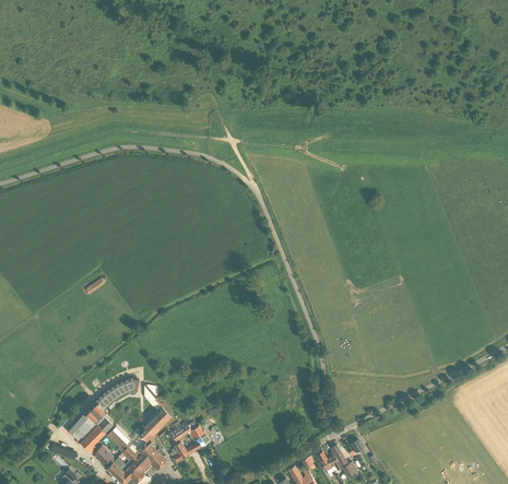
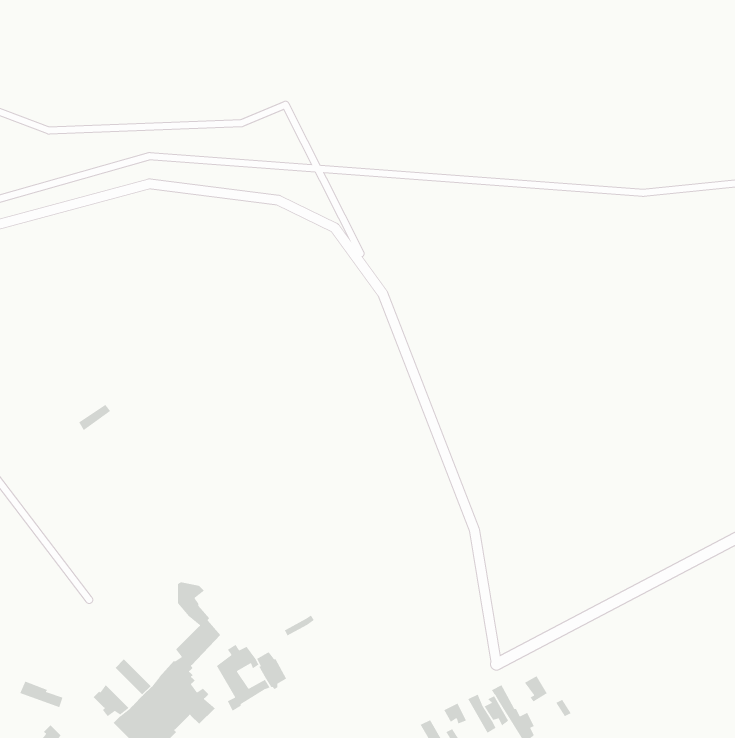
building: [69,377,140,449] -> none

